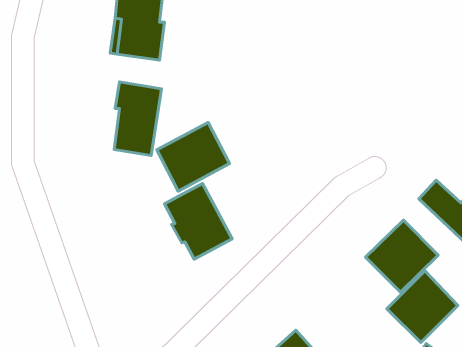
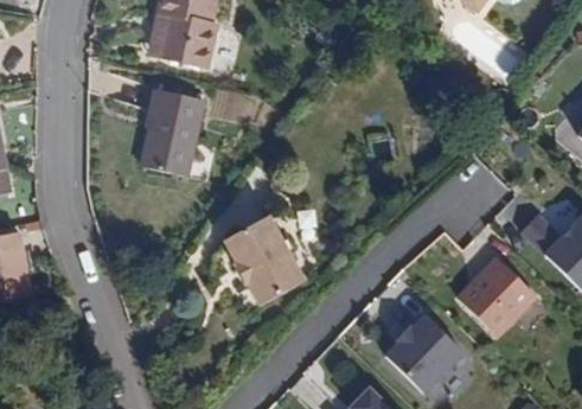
building: [157,122,229,191] -> none
building: [387,271,458,343] -> [383,311,465,394]

